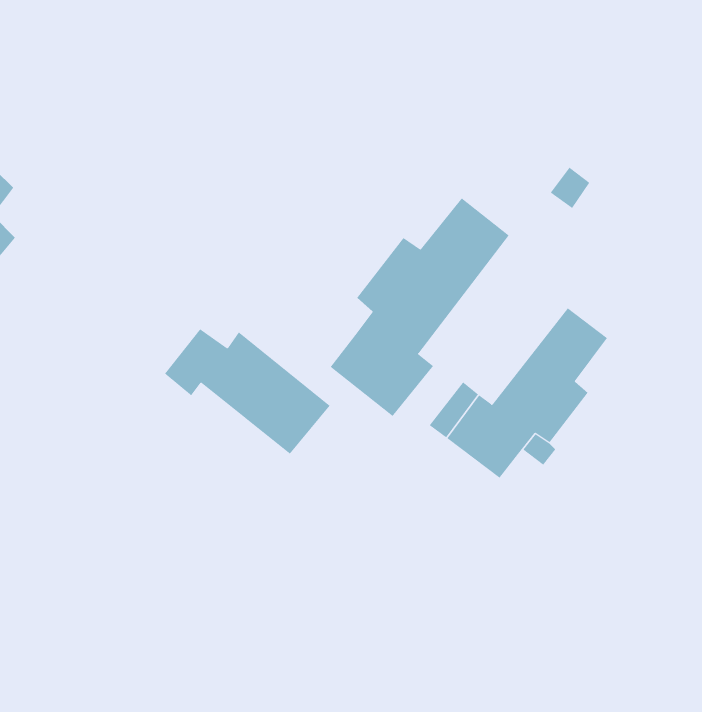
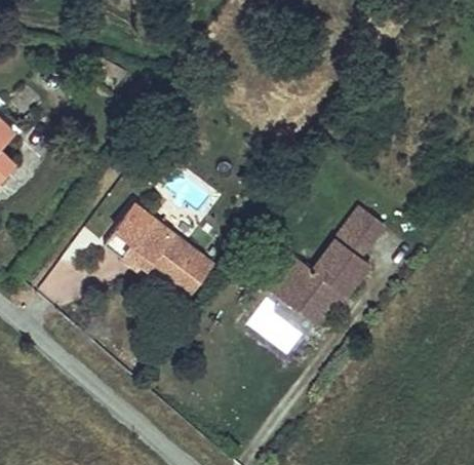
building: [330,198,509,417] -> none

